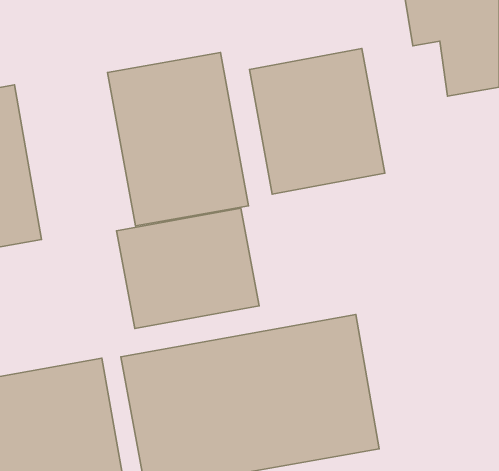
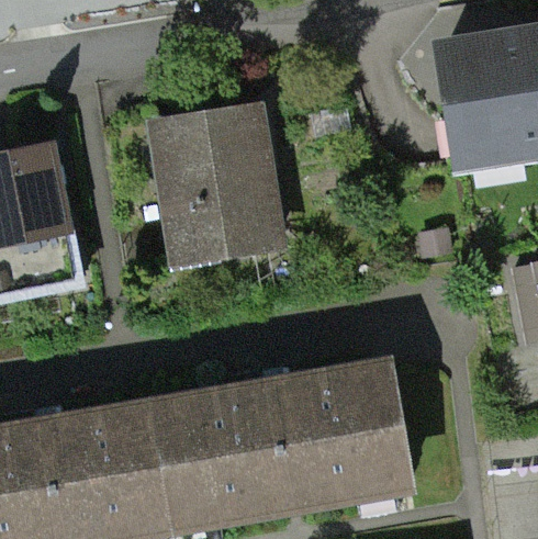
building: [250,48,385,194] -> none
building: [116,208,259,328] -> none

